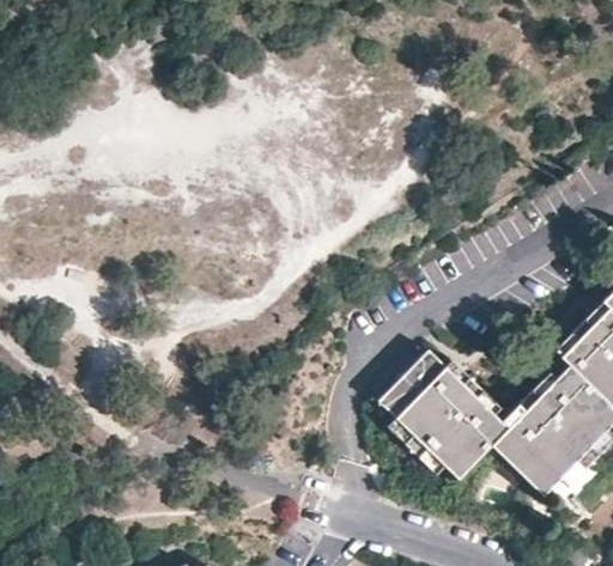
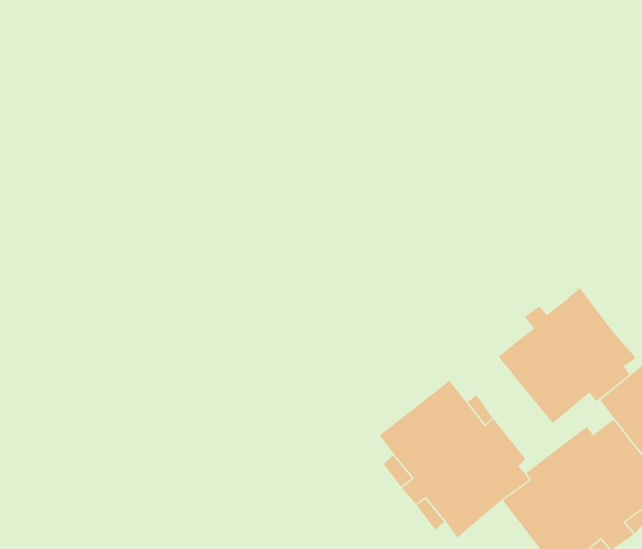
building: none -> [498,287,636,424]

